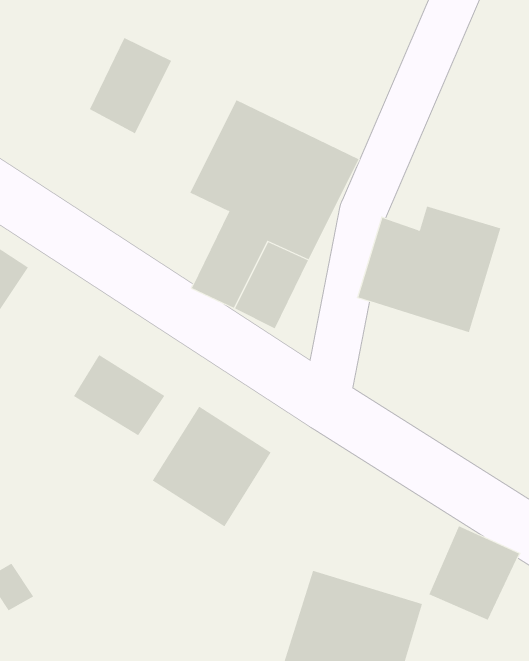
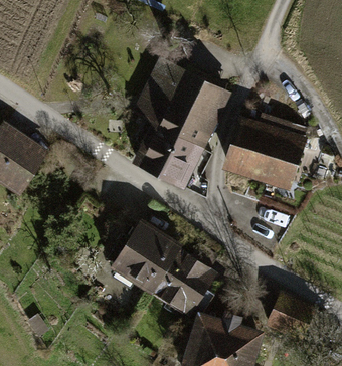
building: [89,37,172,134] -> none
building: [73,354,165,436] -> none
building: none -> [155,250,215,312]

